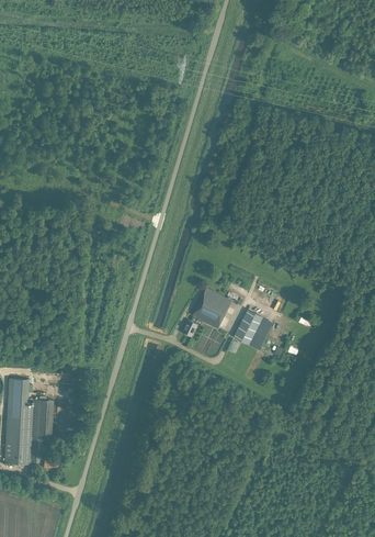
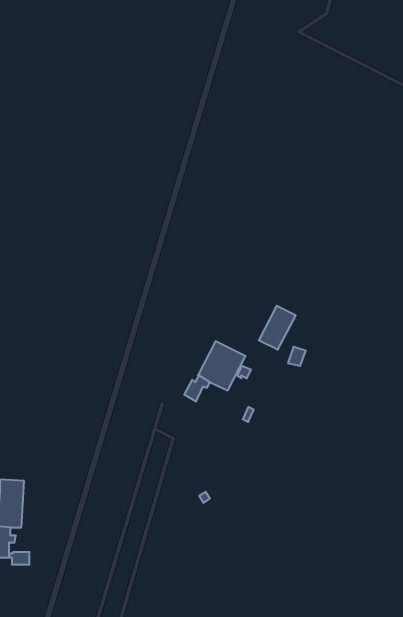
building: [232,307,262,343] -> [259,306,296,350]

